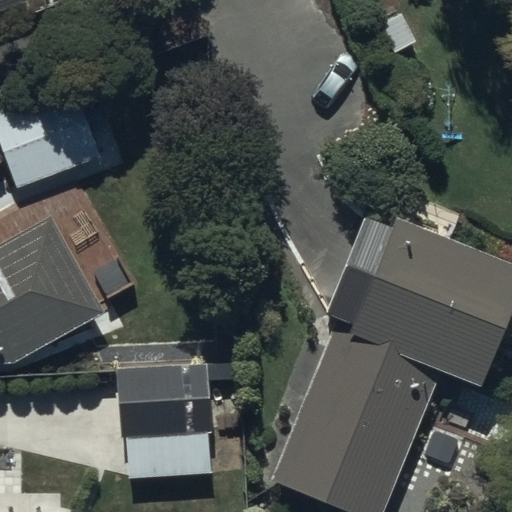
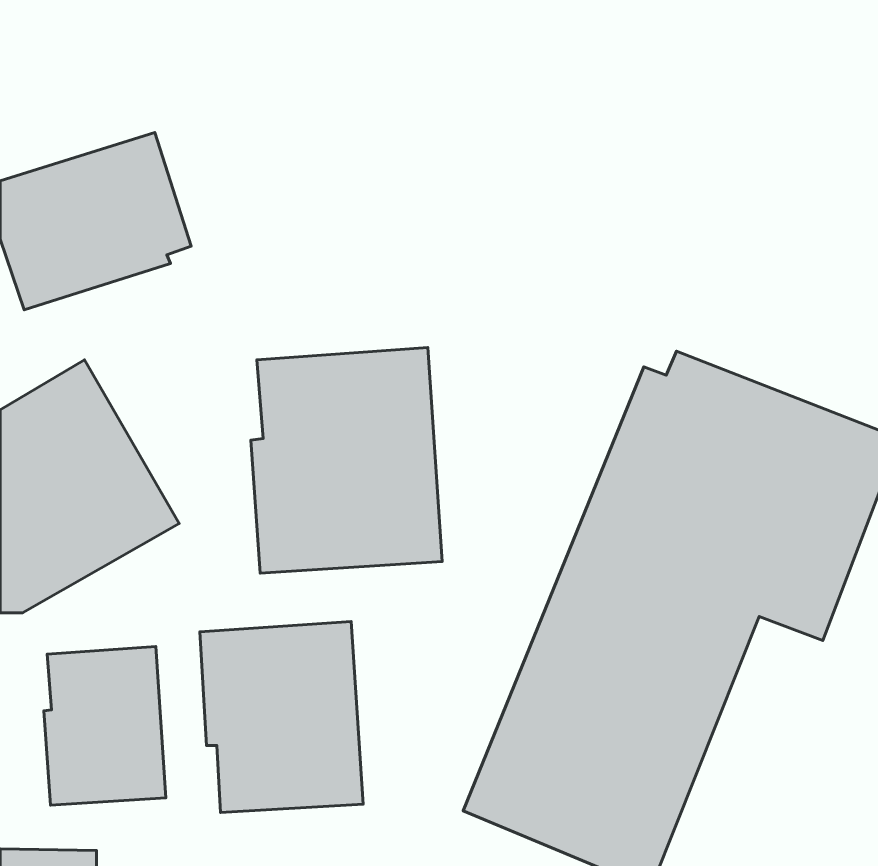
building: none -> [251,347,442,573]
building: none -> [44,646,166,805]

